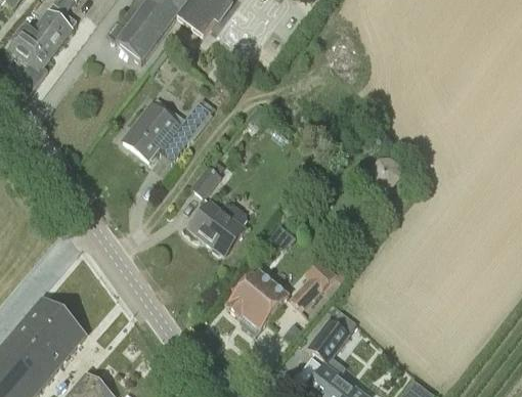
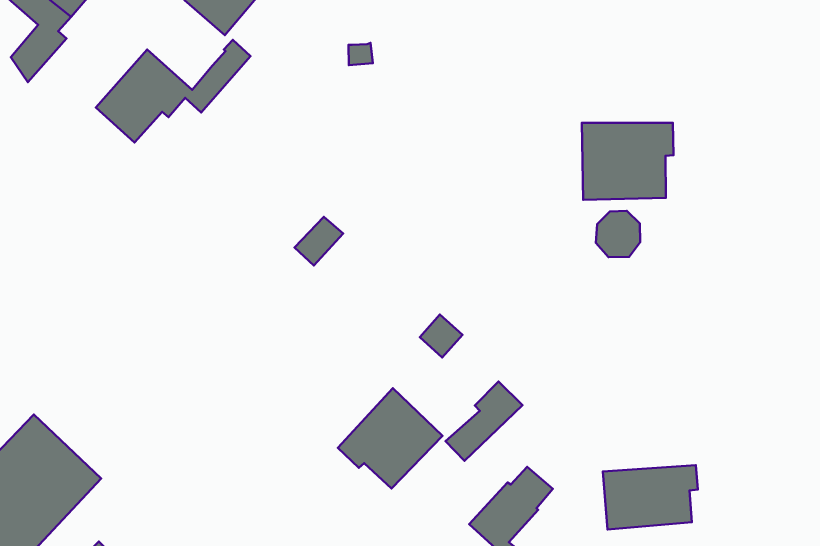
building: [124,95,215,161] -> [96,40,251,142]
building: none -> [582,123,674,200]
building: [189,202,247,255] -> none
building: none -> [603,465,698,529]

